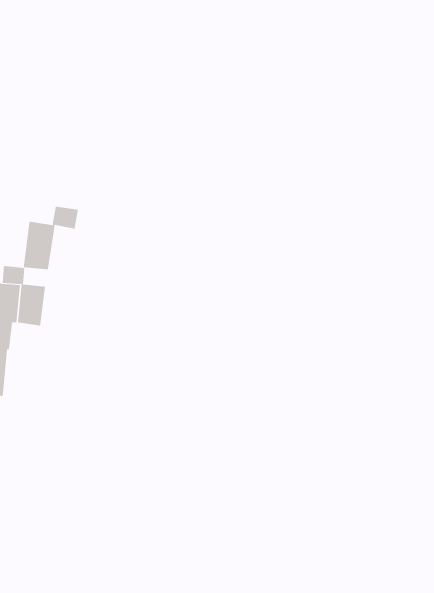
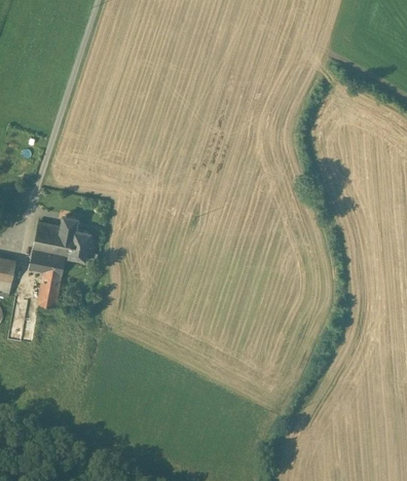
building: [23,206,78,270] -> none

